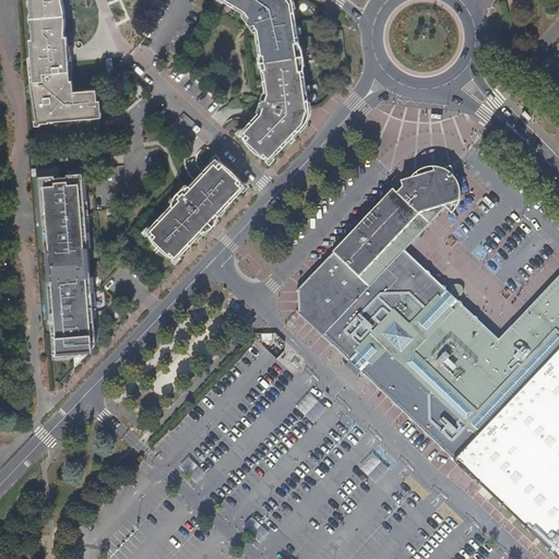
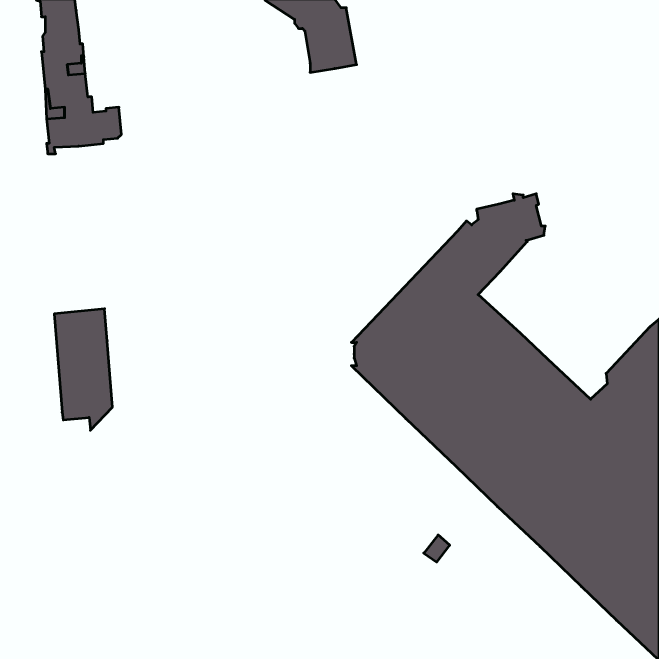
building: [245,55,310,157] -> none
building: [145,155,247,259] -> none
building: [38,173,88,265] -> none

